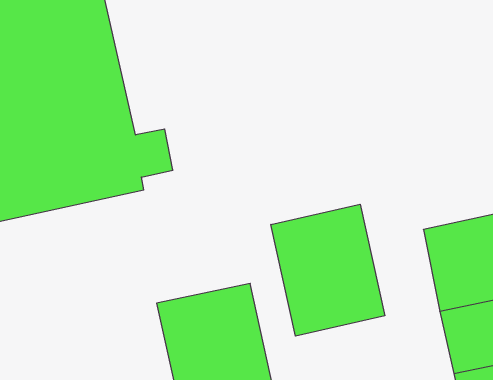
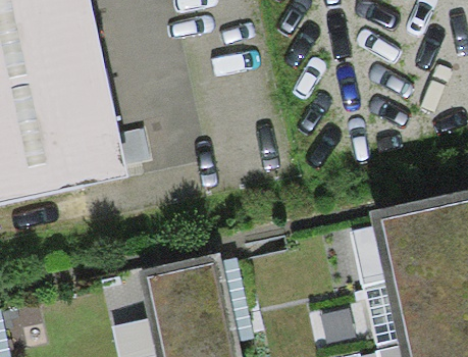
building: [271,204,385,336] -> none

